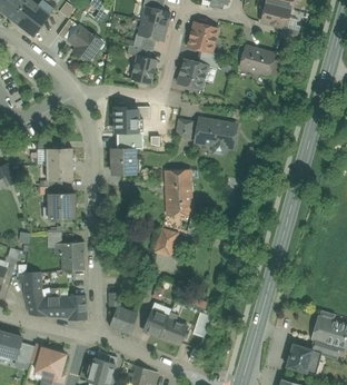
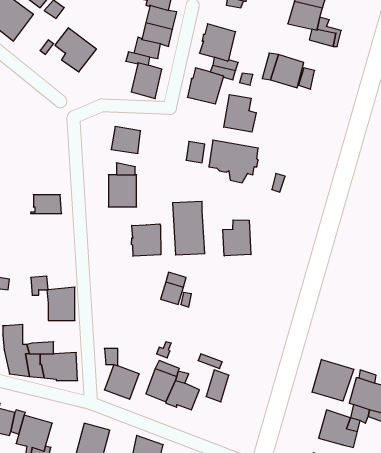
building: none -> [224,95,256,132]
building: [37,148,71,165] -> none
building: none -> [223,220,251,256]
building: none -> [132,224,161,256]
building: [47,193,75,219] -> none
building: none -> [312,359,354,401]

